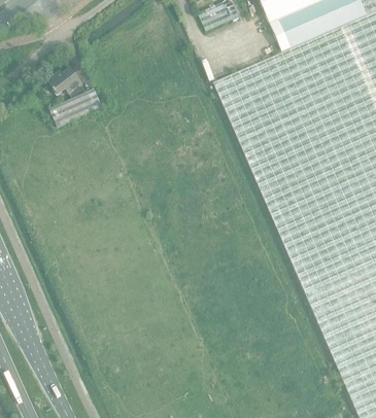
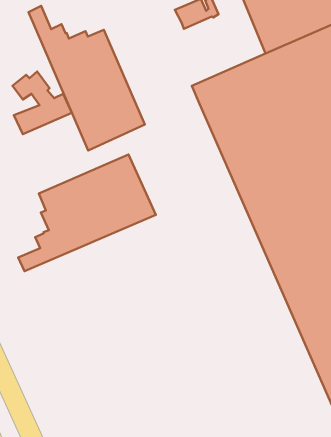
building: none -> [28,6,145,151]
building: none -> [18,155,156,271]

